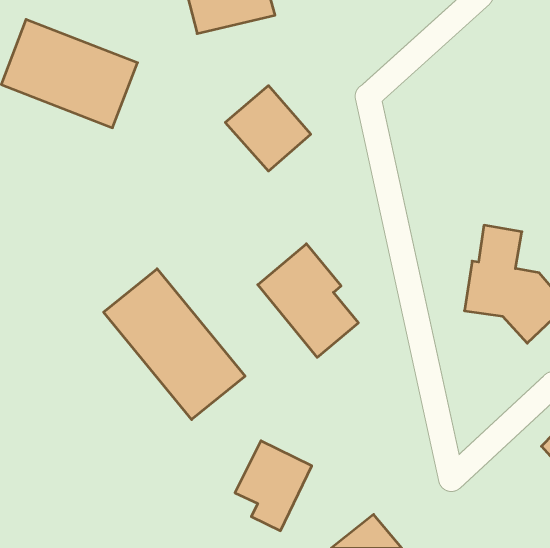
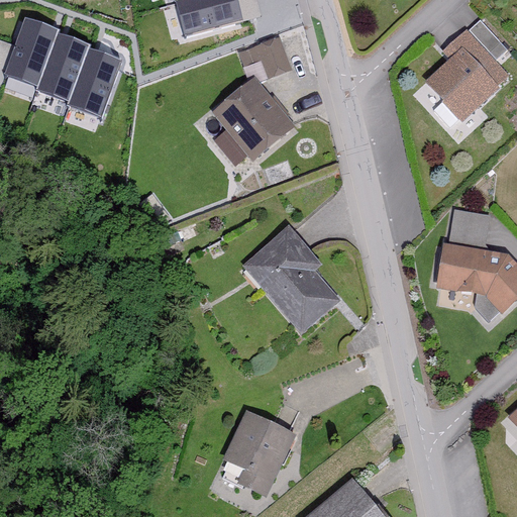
building: none -> [424,17,508,121]
building: none -> [241,38,289,80]
building: [104,269,245,420] -> none

